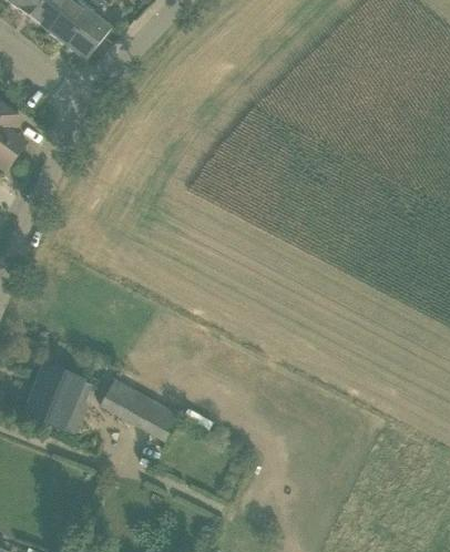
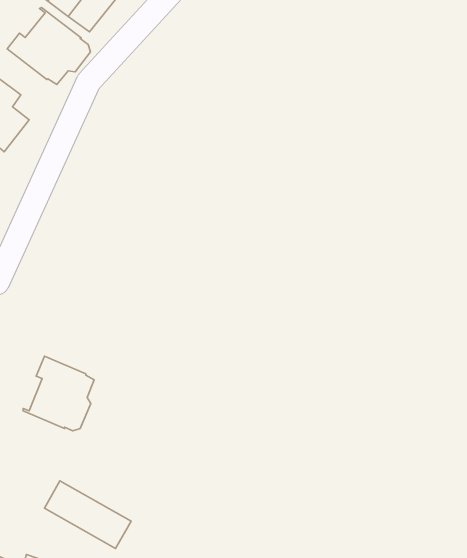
building: none -> [7,7,90,85]
building: [98,377,178,440] -> [44,481,131,549]

